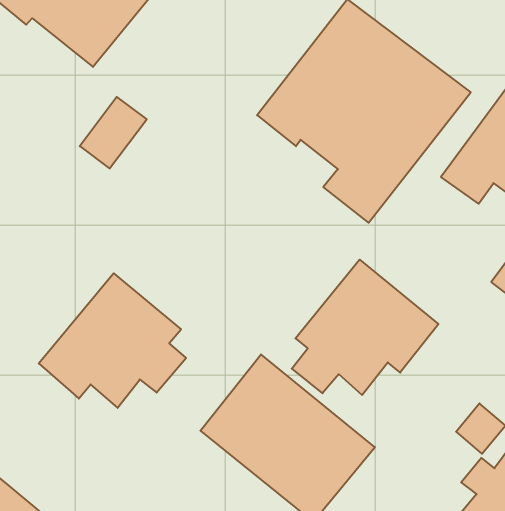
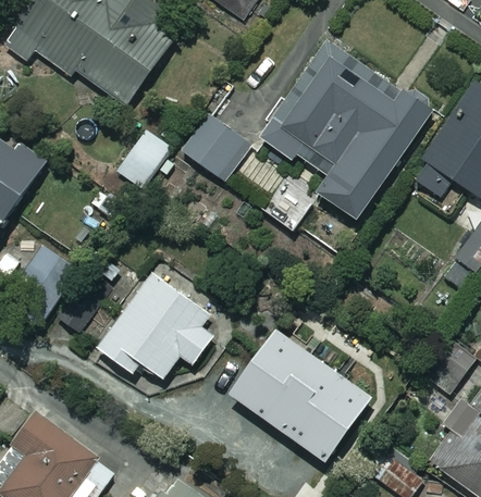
building: none -> [183,113,247,178]
building: [292,260,438,395] -> none

